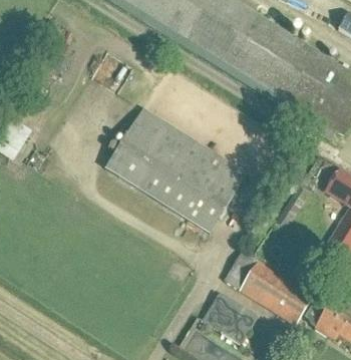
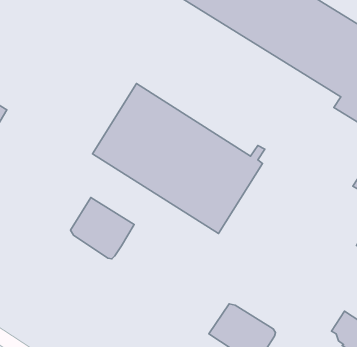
building: none -> [71,197,134,259]
building: [223,250,313,323] -> none

